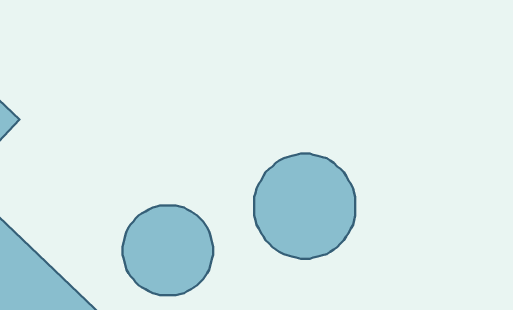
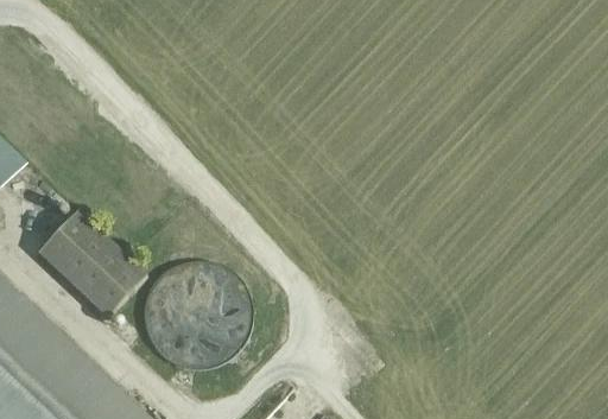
building: [254,154,355,259] -> none
building: none -> [37,210,145,317]

